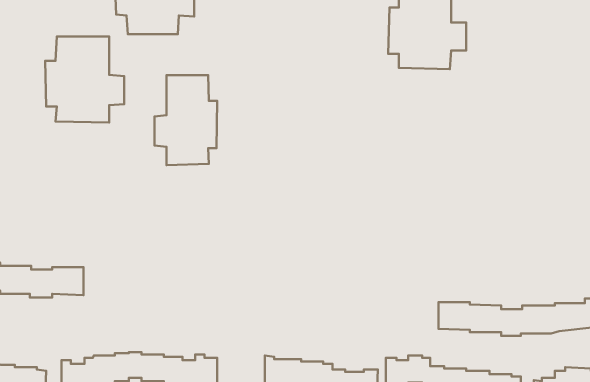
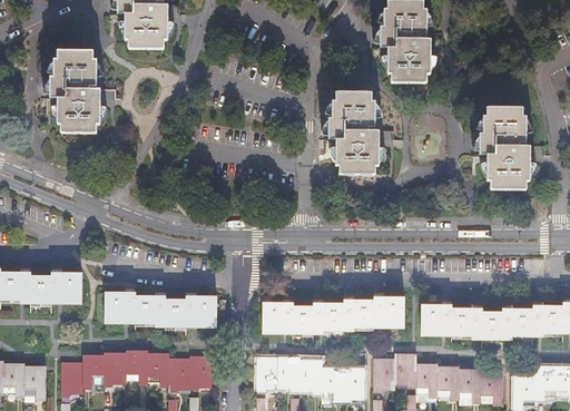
building: [154,75,217,165] -> none
building: none -> [321,90,396,174]
building: none -> [472,106,548,188]
building: none -> [105,291,216,324]
building: none -> [262,297,404,332]

